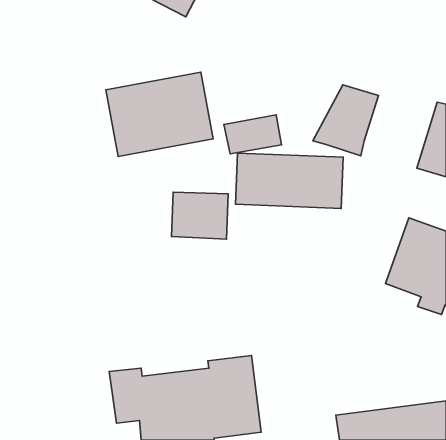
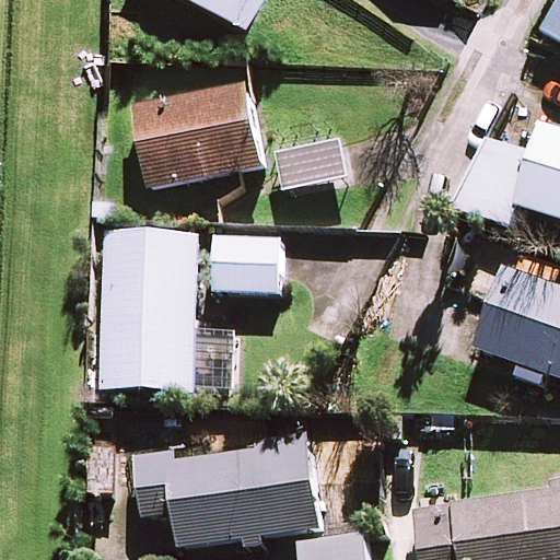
building: [313,85,378,156] -> [450,138,530,225]
building: [235,153,343,208] -> none
building: none -> [102,236,199,394]

